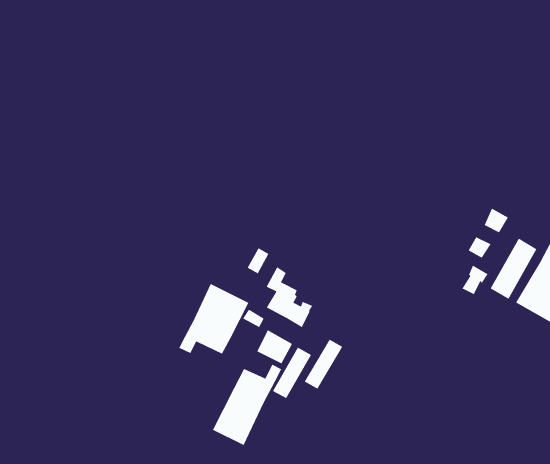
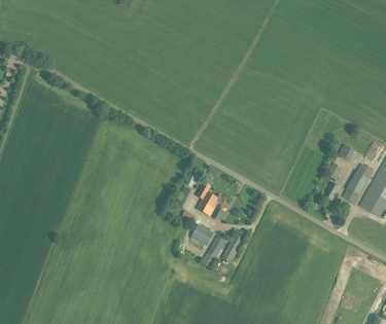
building: [179,283,249,354] -> none
building: [212,364,282,446] -> none

